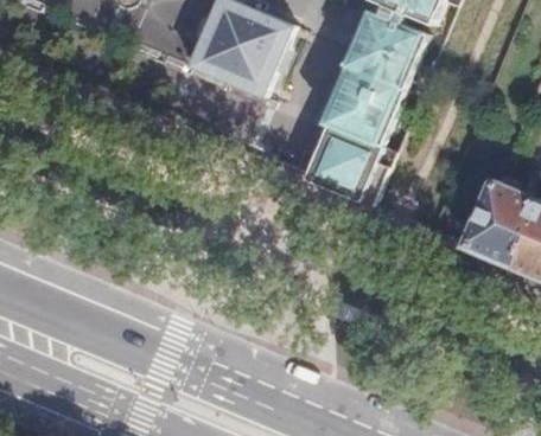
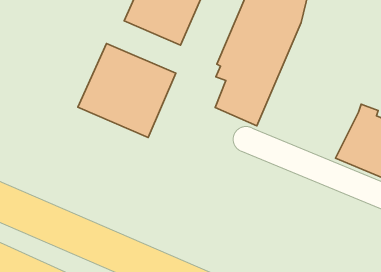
building: none -> [78,44,176,137]

